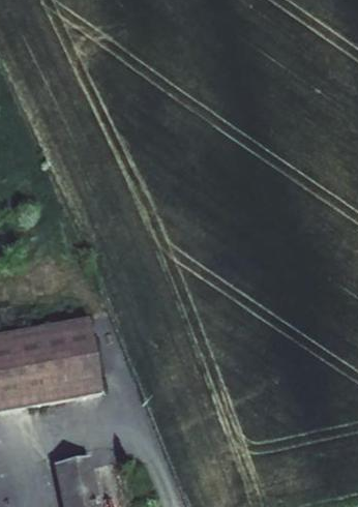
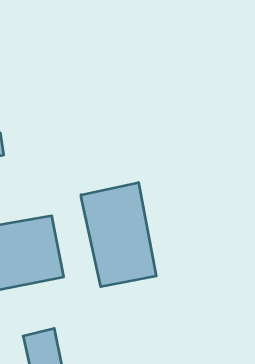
building: none -> [81,182,156,287]

